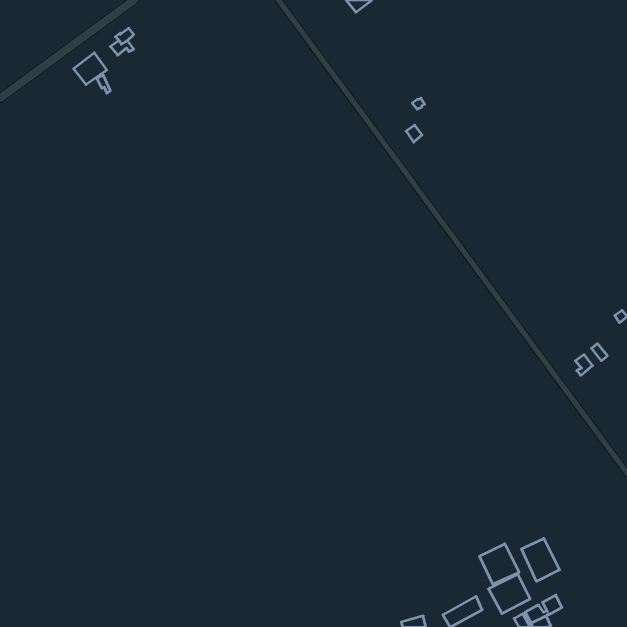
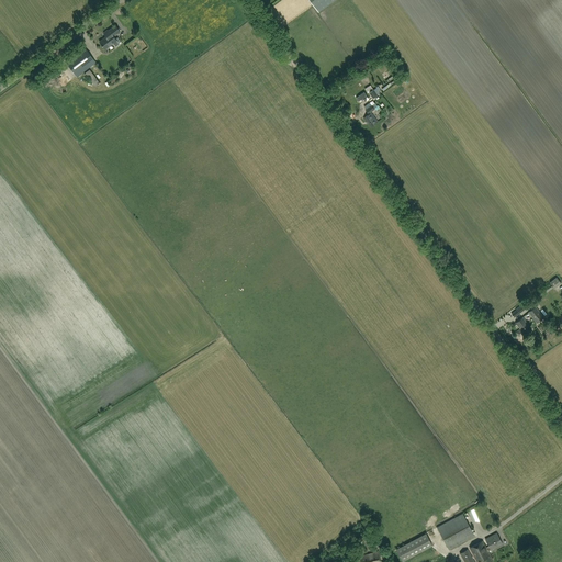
building: [521,538,560,581] -> none
building: [480,544,519,584] -> none

